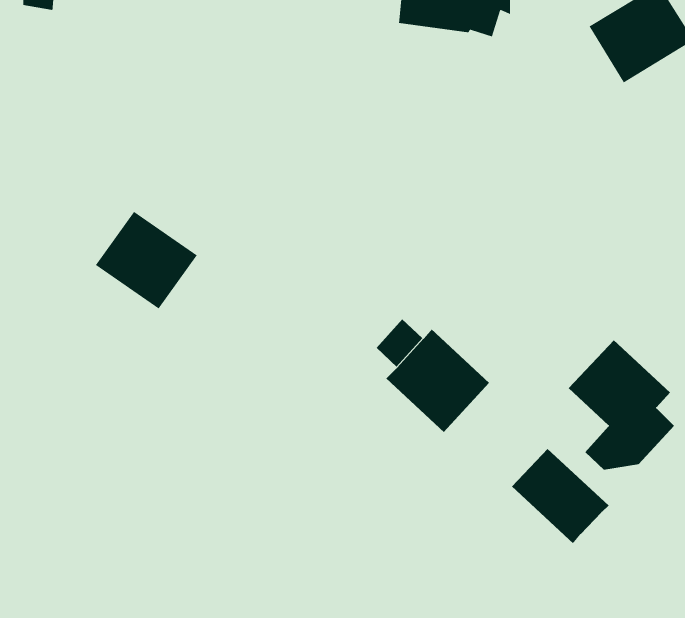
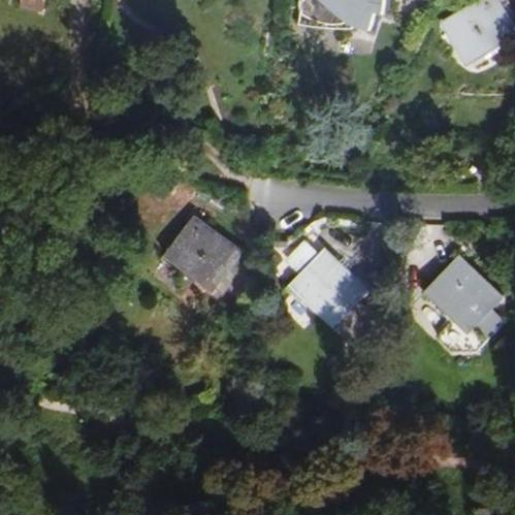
building: [95,211,198,310] -> [164,216,240,289]
building: [511,448,609,544] -> none

